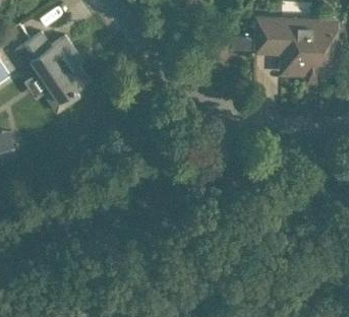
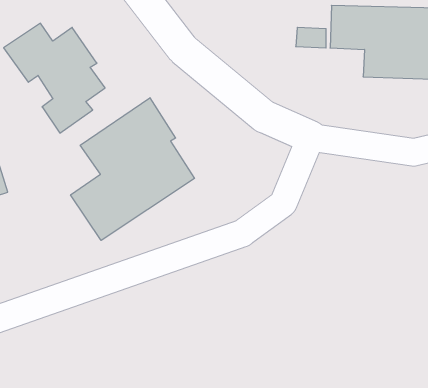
building: none -> [71,98,194,240]

